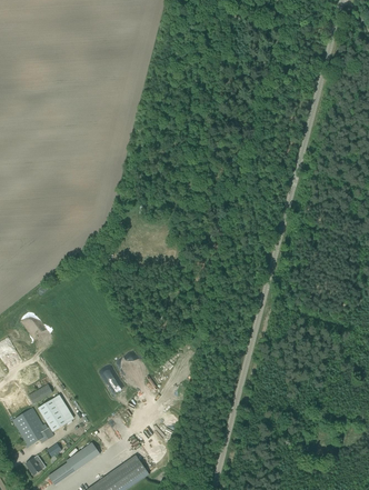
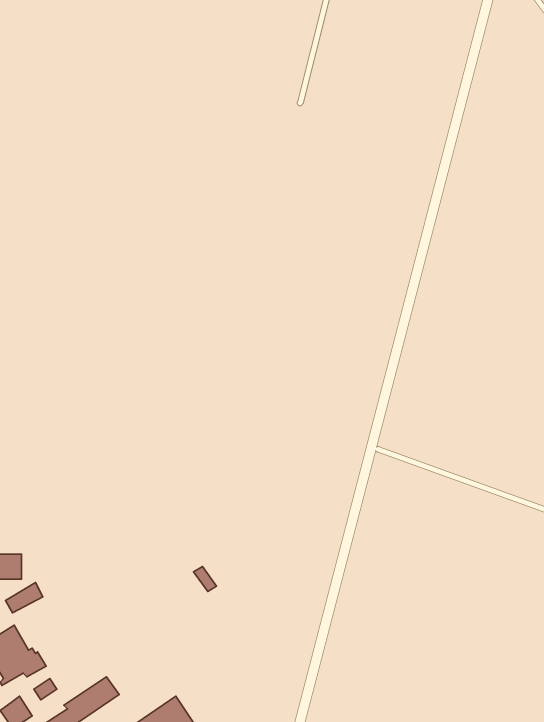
building: [37,394,72,431] -> none

